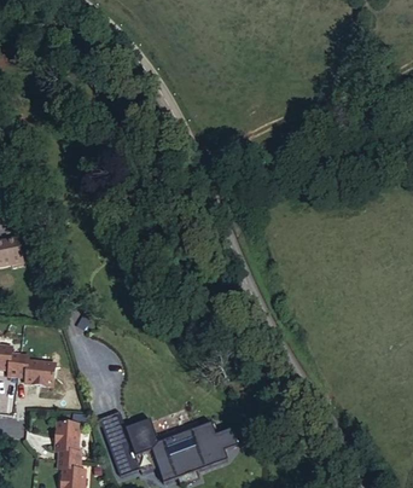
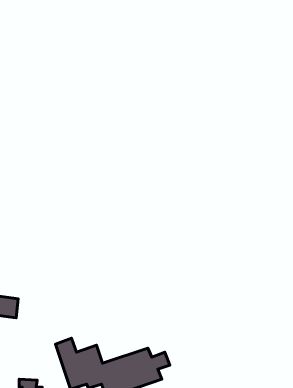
building: [53,423,78,460] -> none

